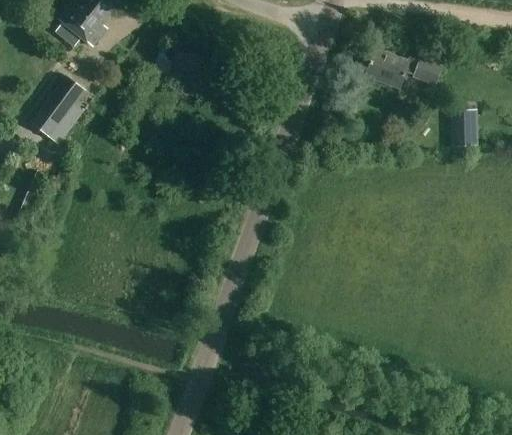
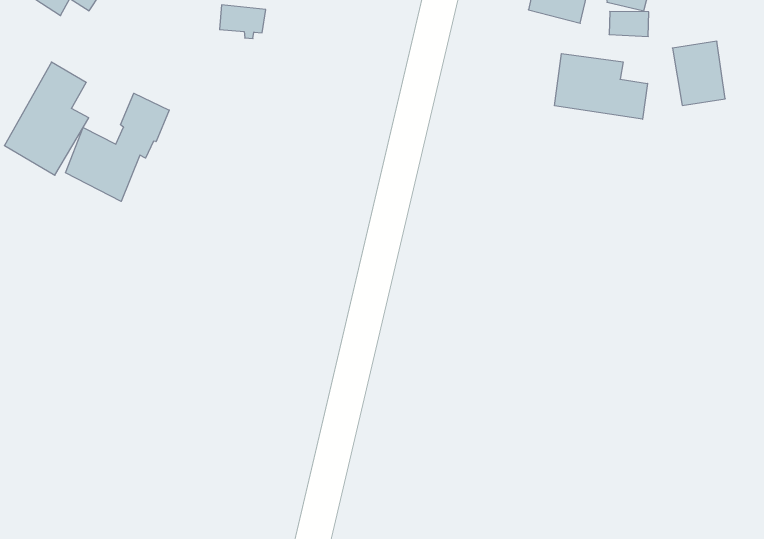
building: none -> [66,93,169,201]
building: none -> [555,54,648,119]

